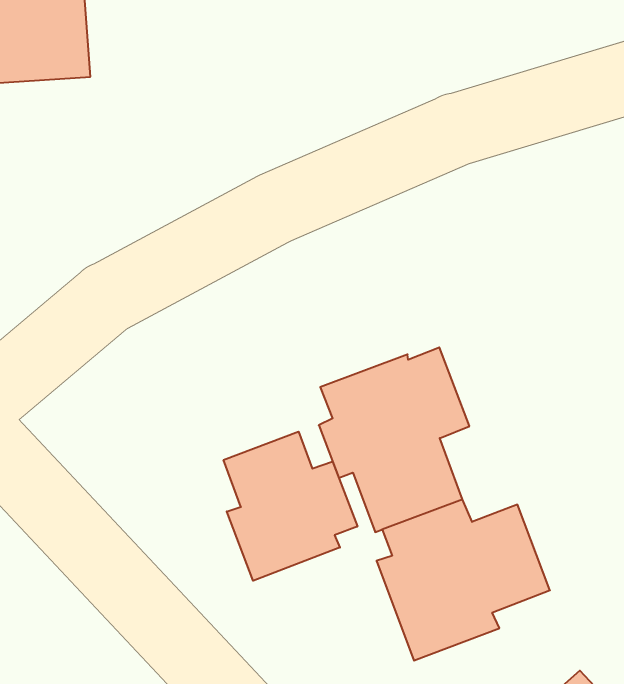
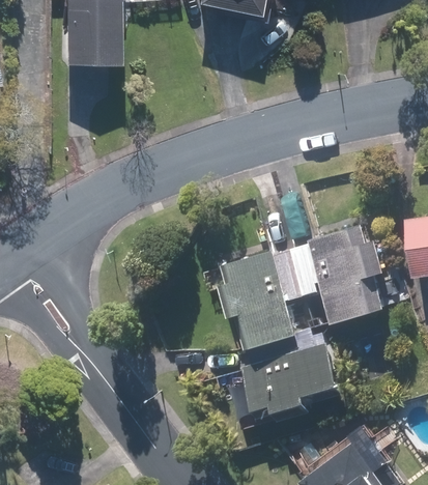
building: none -> [293,224,386,321]
building: [224,432,357,581] -> none

